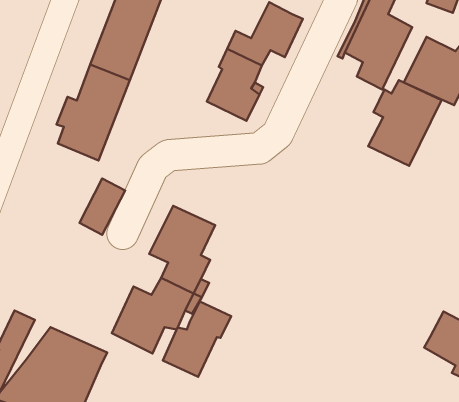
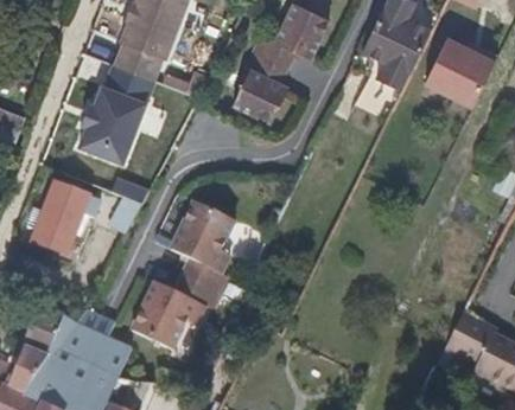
building: [368,80,441,166] -> none
building: none -> [32,184,101,252]
building: [163,302,231,377] -> none

